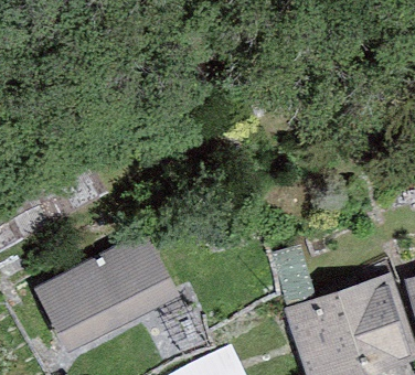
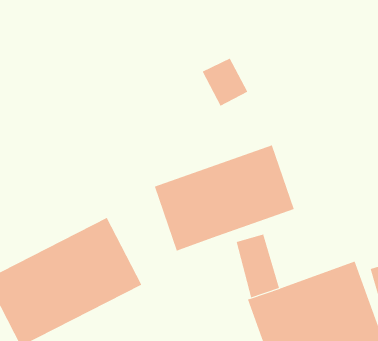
building: none -> [154,144,295,251]

